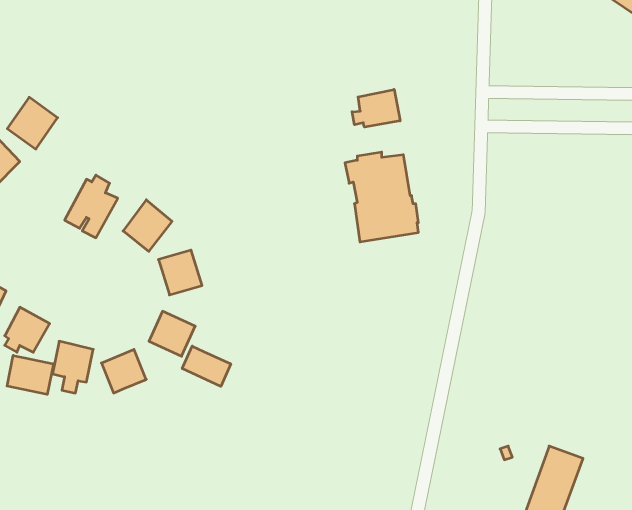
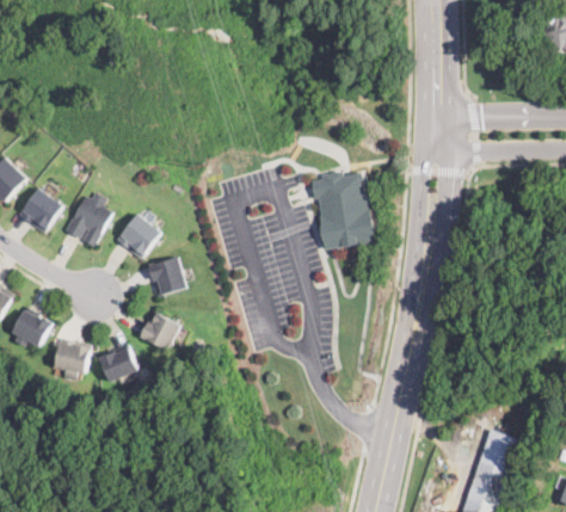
building: [352,89,400,127] -> none
building: [7,97,58,149] -> [19,187,63,233]
building: [182,346,231,386] -> none
building: [7,355,53,394] -> none

